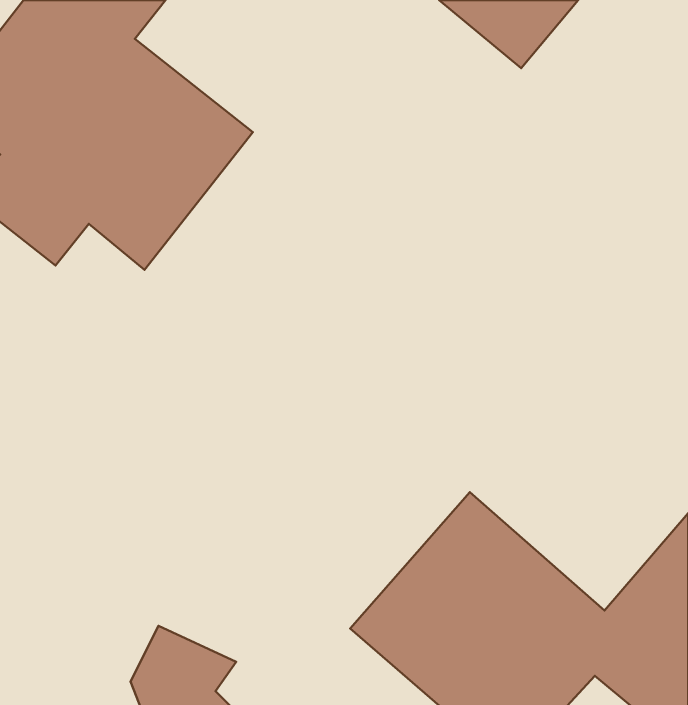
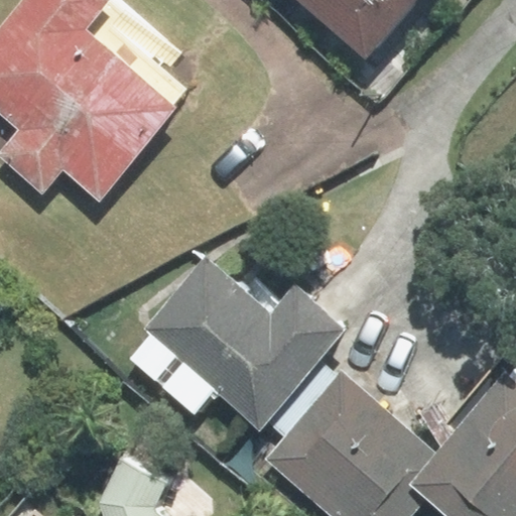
building: none -> [143,259,348,429]

